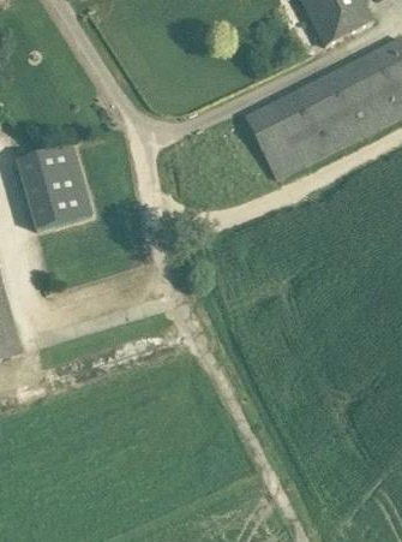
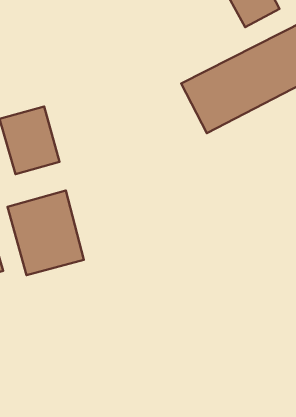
building: none -> [8,191,84,275]

